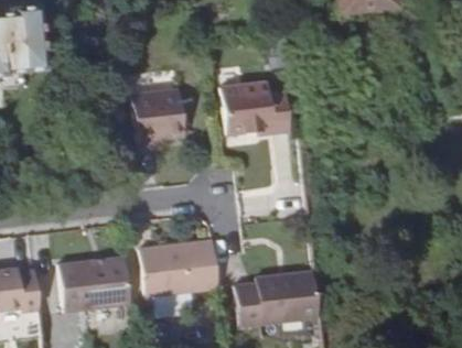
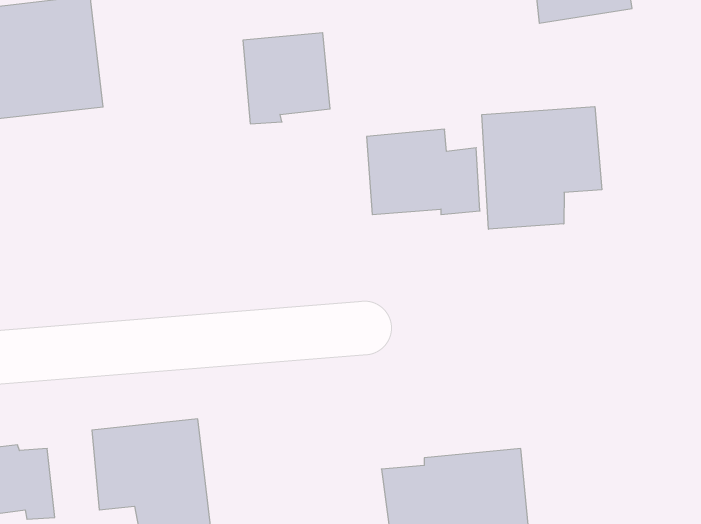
building: none -> [482,107,602,229]
building: [132,94,184,148] -> [243,33,330,124]
building: [143,240,219,293] -> none

